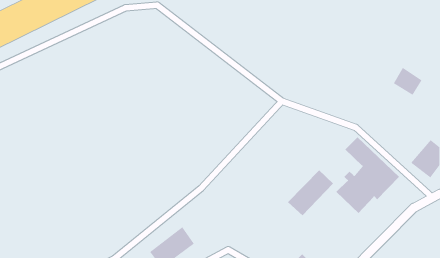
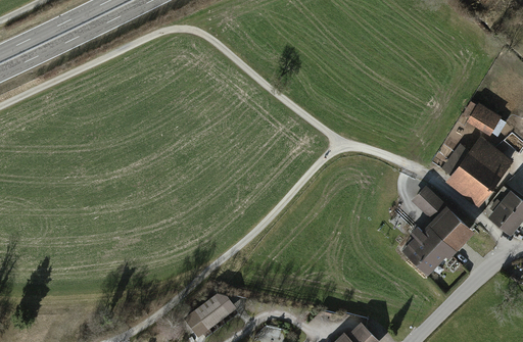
building: none -> [439,137,513,207]
building: [287,169,334,216] -> none

